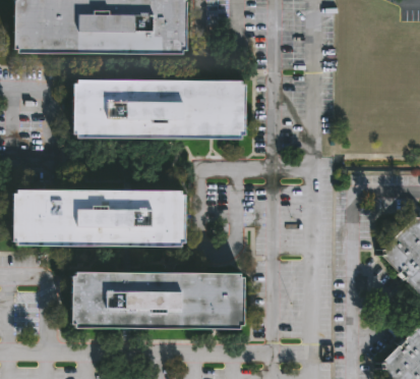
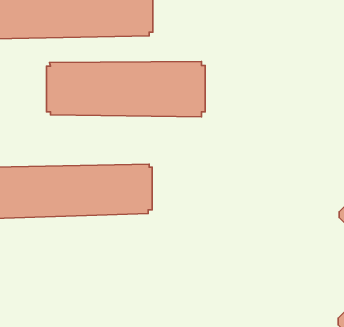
building: [72,272,243,331] -> none

